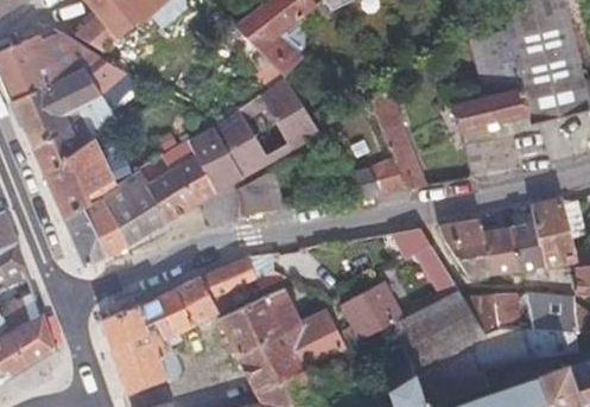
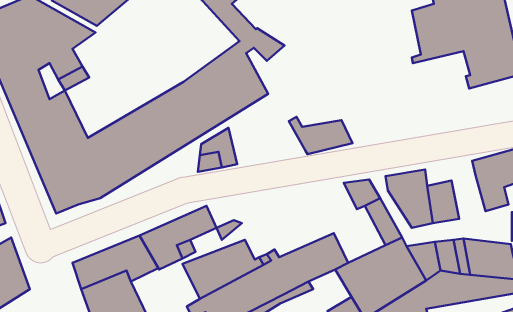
building: [456,88,531,131] -> none
building: [363,91,424,187] -> none
building: [510,222,547,269] -> none

